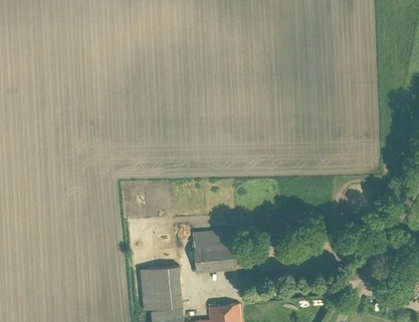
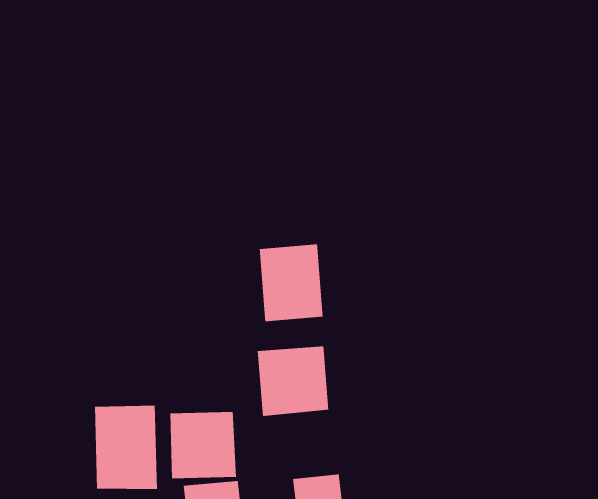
building: none -> [259,244,323,322]
building: none -> [94,405,157,490]

